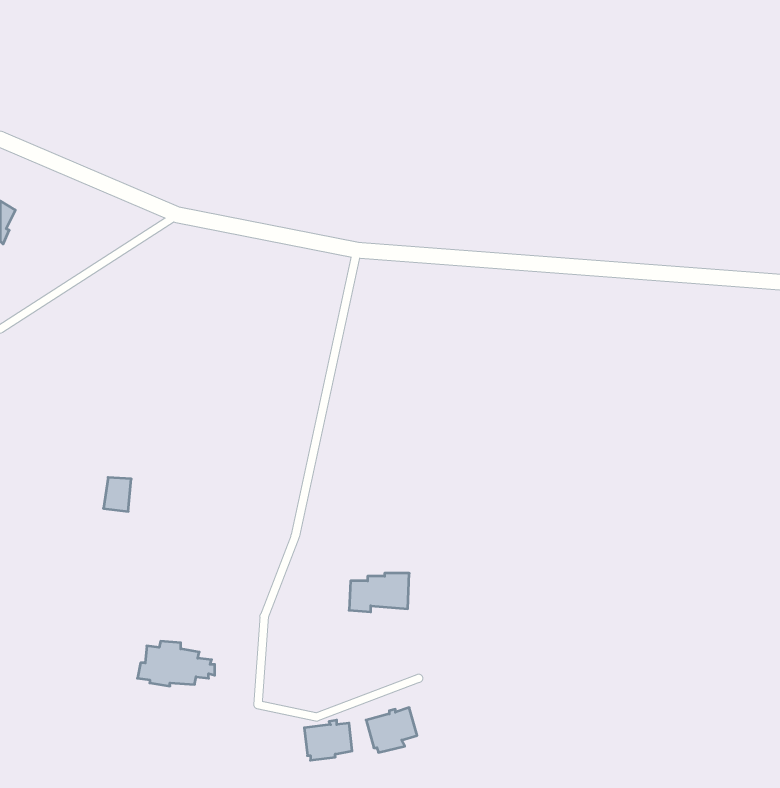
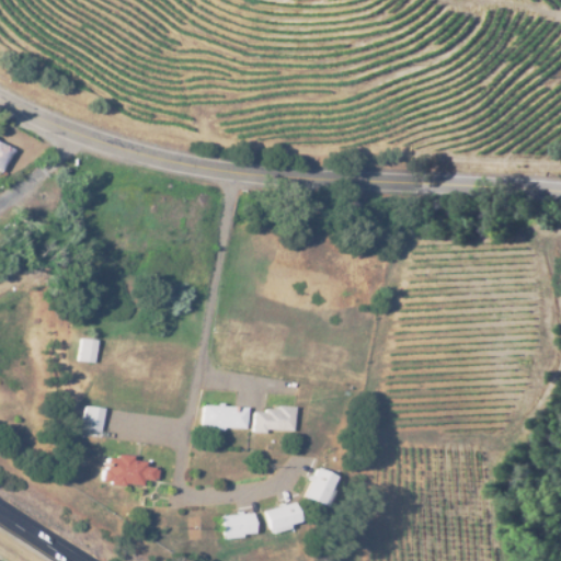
building: none -> [205,403,250,431]
building: none -> [85,405,106,432]
building: none -> [307,468,339,506]

